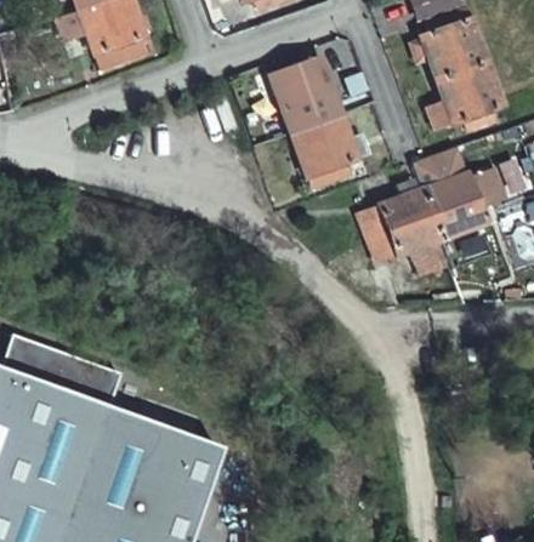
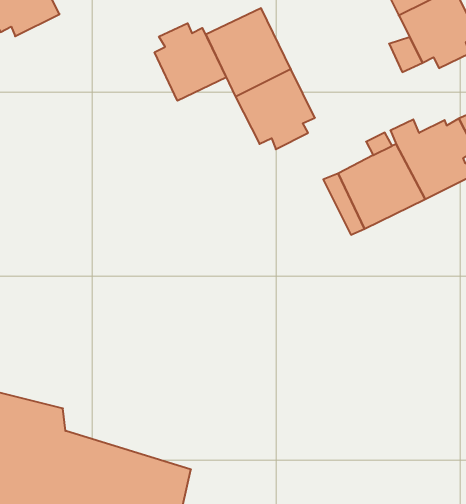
building: none -> [155,23,226,101]

